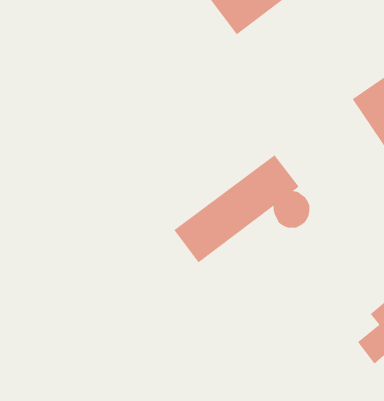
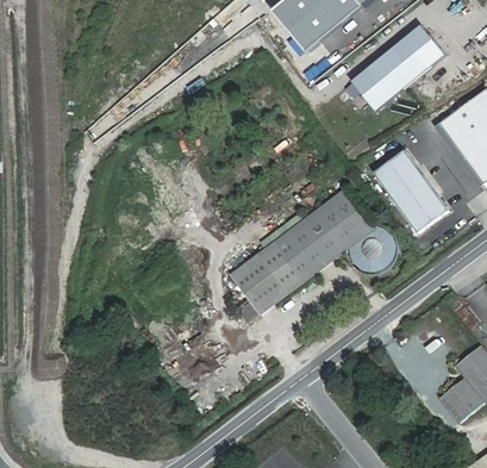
building: none -> [352,29,448,113]
building: none -> [373,143,447,226]

